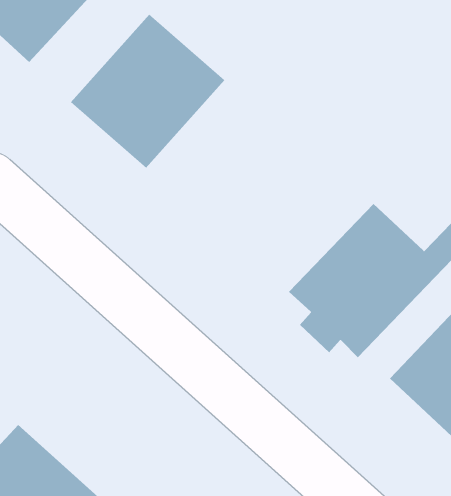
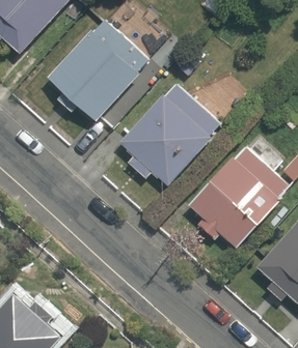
building: none -> [121,81,222,184]

